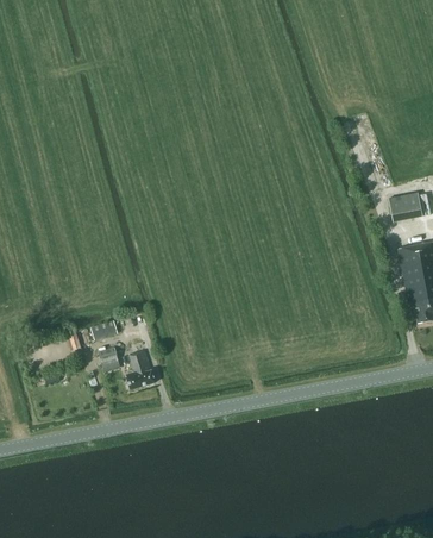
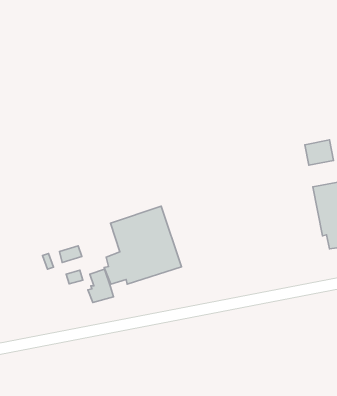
building: none -> [104,206,182,284]

